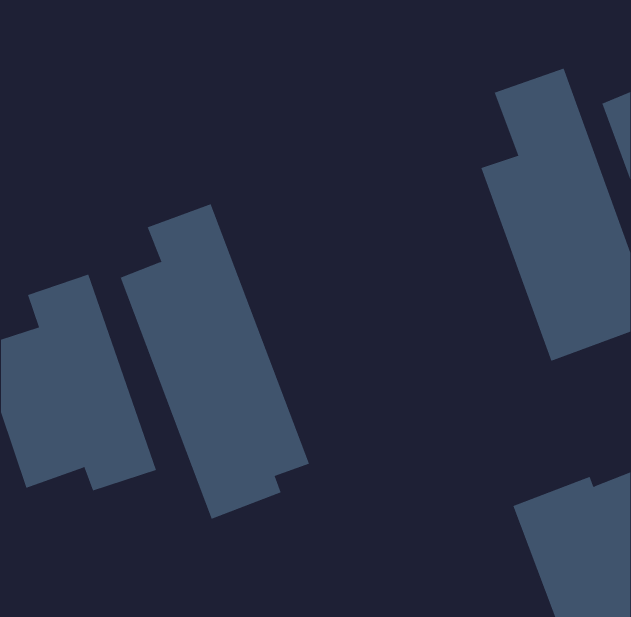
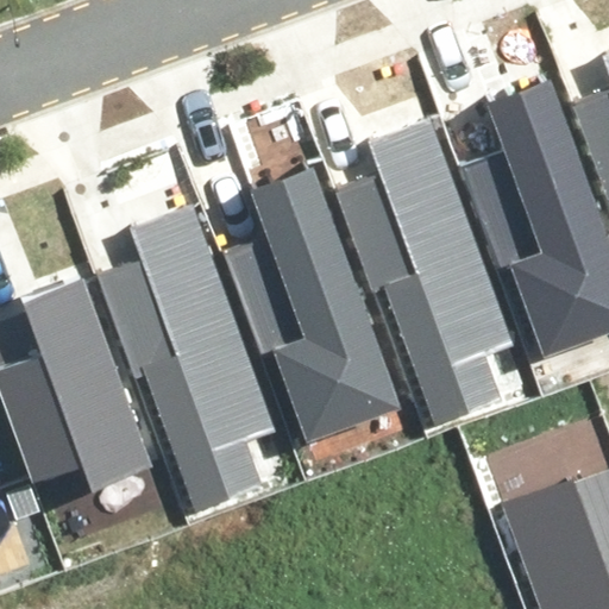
building: none -> [341,120,526,426]
building: none -> [236,156,406,440]

